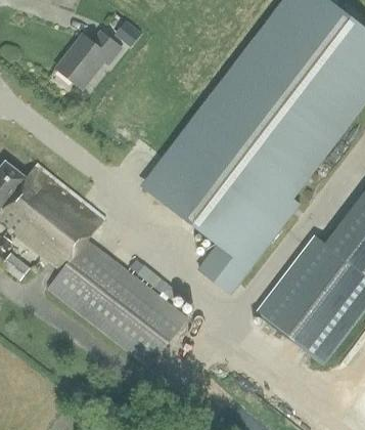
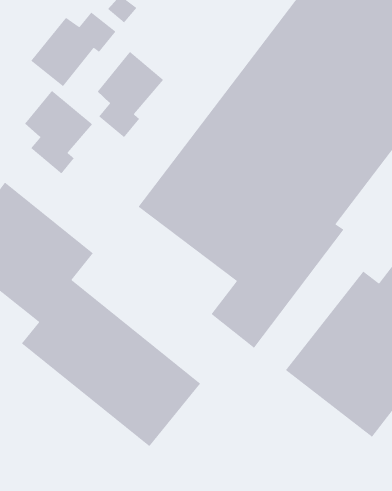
building: none -> [97,51,164,138]
building: none -> [24,90,93,174]

